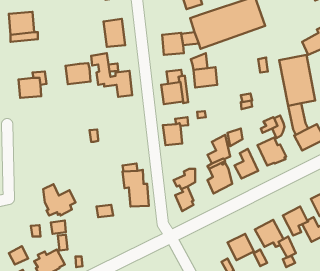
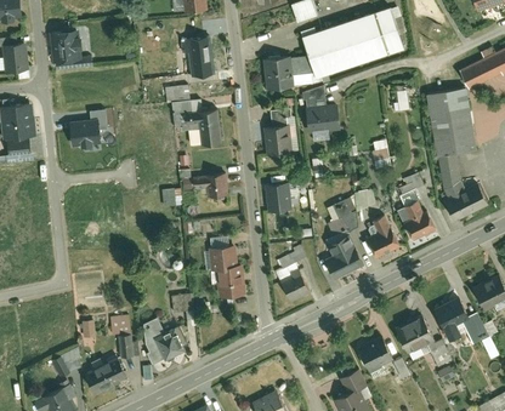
building: [65,63,91,84] -> none
building: none -> [194,175,228,198]
building: [43,184,75,216] -> [143,318,188,361]

